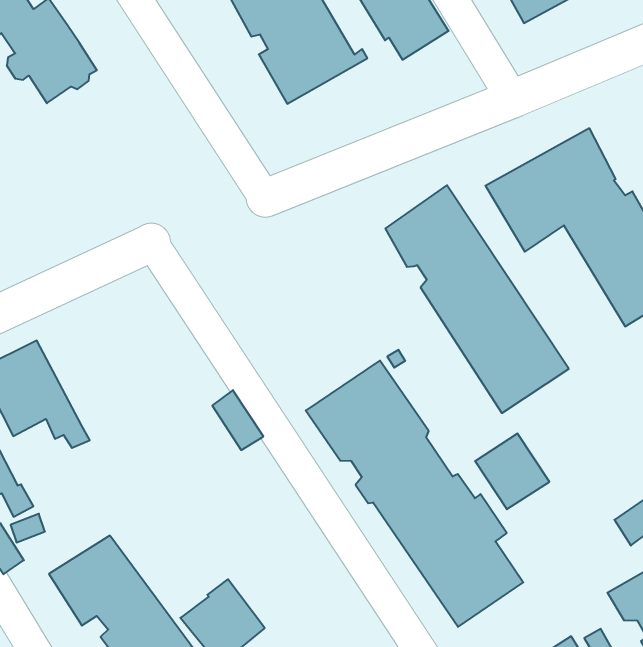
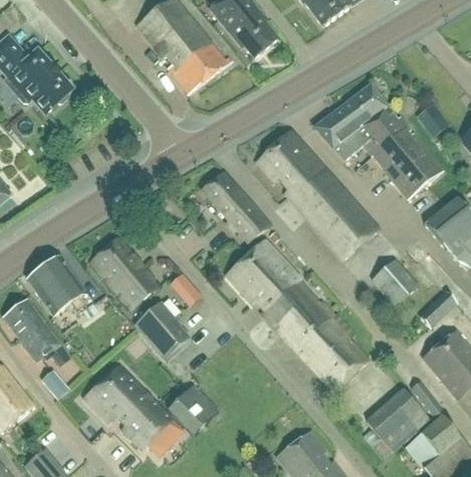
building: none -> [202,171,268,241]
building: none -> [89,237,159,309]
building: [475,434,549,509] -> [372,259,418,305]
building: none -> [135,302,189,357]

